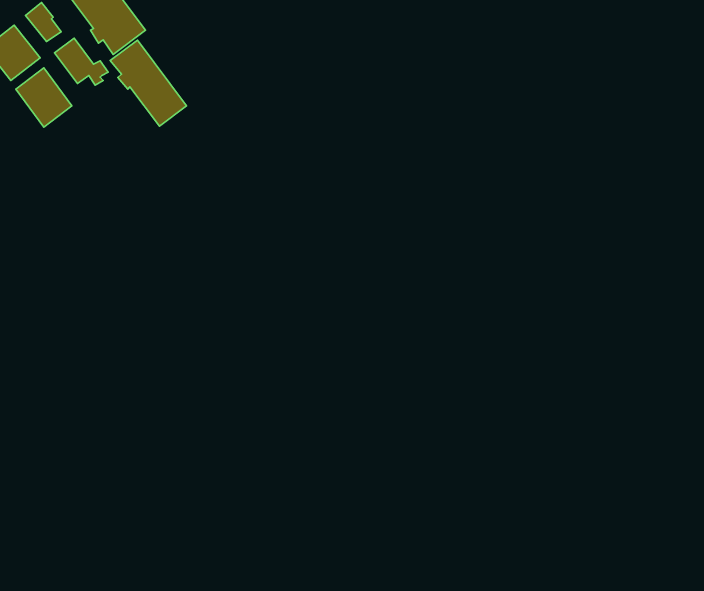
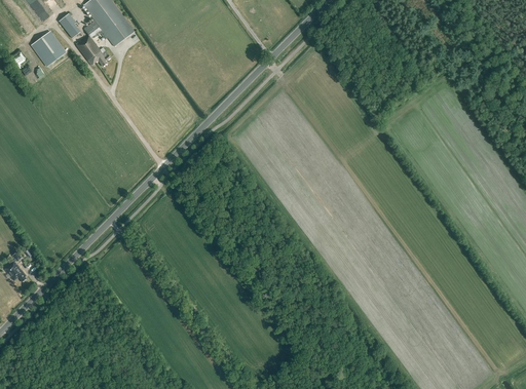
building: [110,40,187,126] -> none
building: [16,68,72,127] -> none

